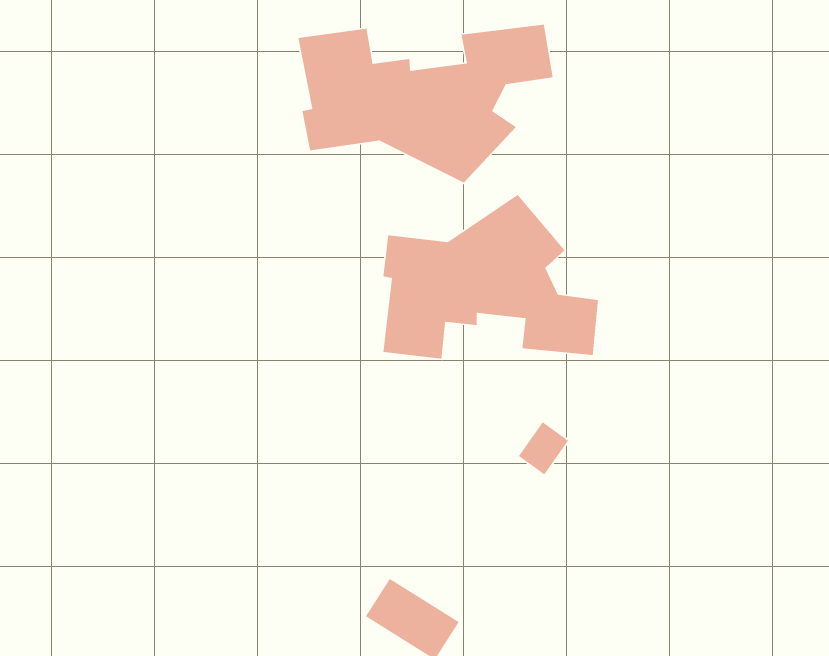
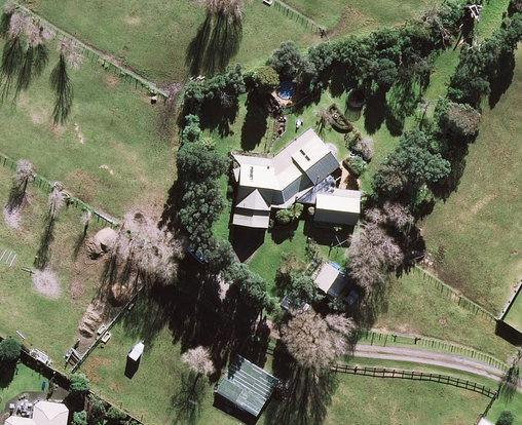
building: [298,24,553,184] -> none

